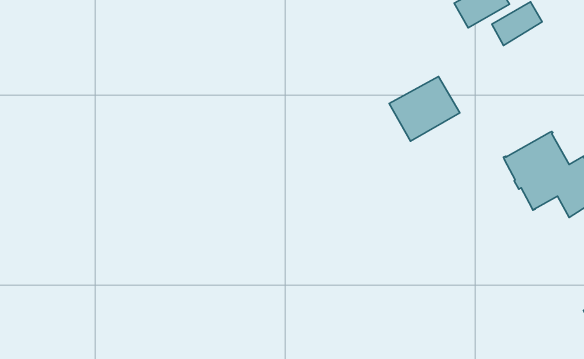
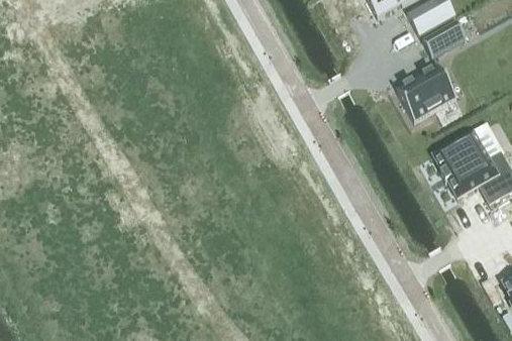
building: [389,76,460,141] -> [398,65,458,120]

